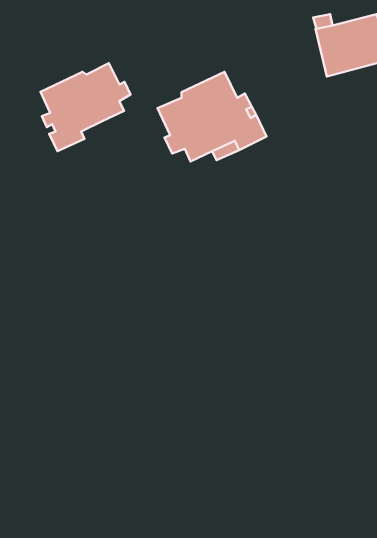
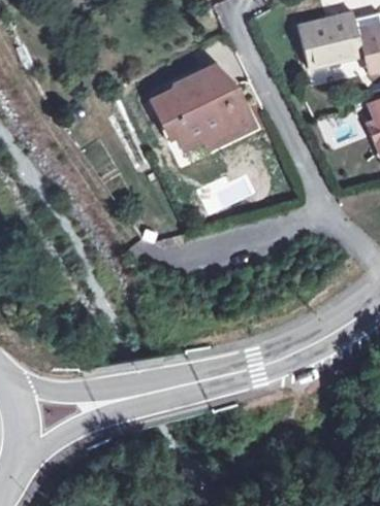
building: [40,63,130,151] -> none

